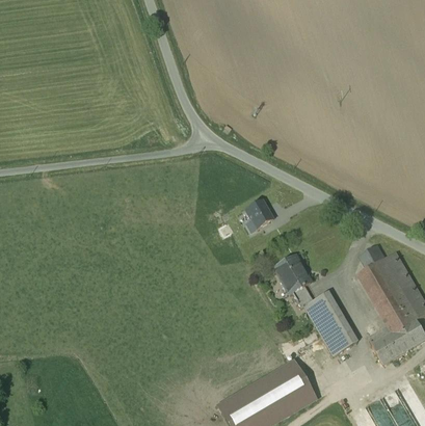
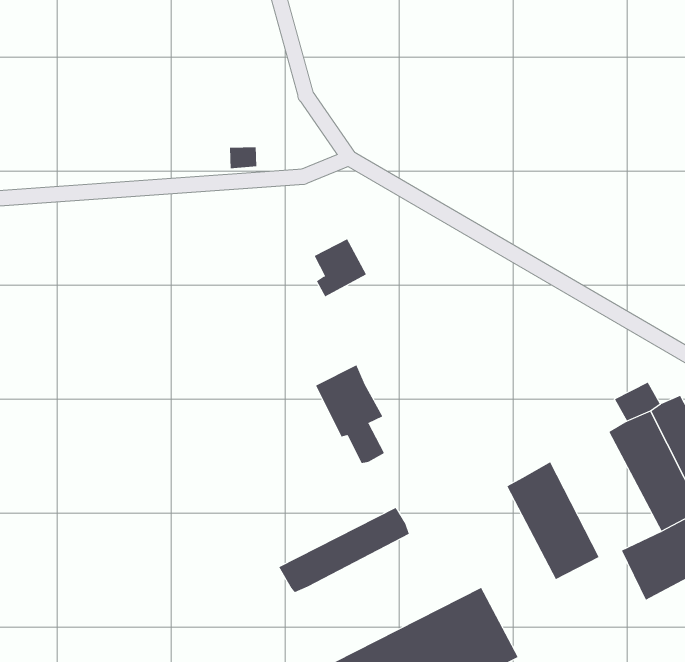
building: [244,199,273,232] -> [314,238,367,297]
building: [273,254,313,307] -> [315,365,385,464]
building: none -> [279,507,409,593]

